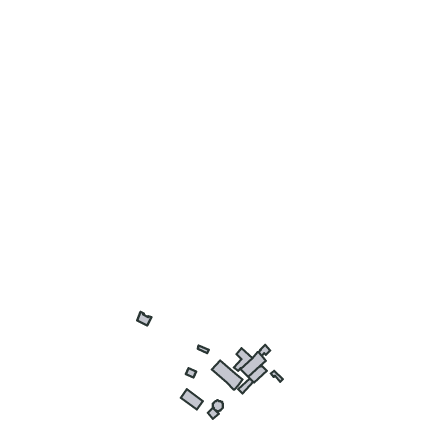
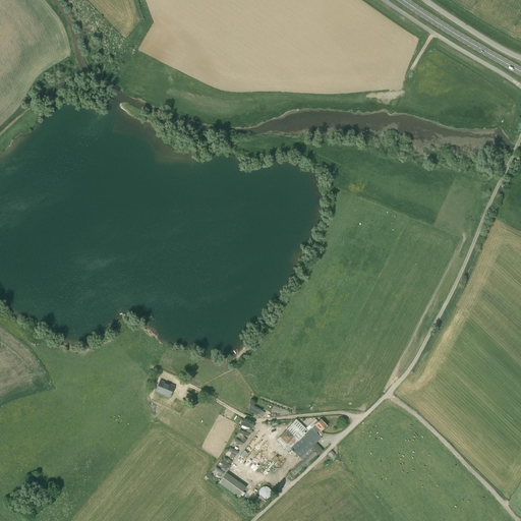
building: [212,361,243,390] -> none

